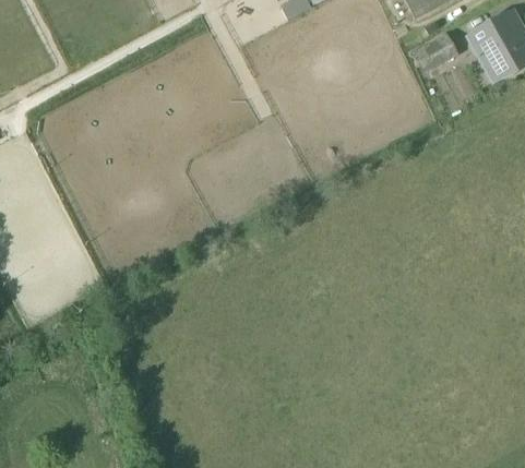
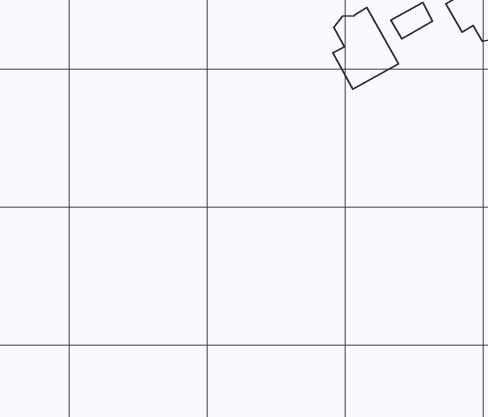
building: none -> [333,8,399,89]

